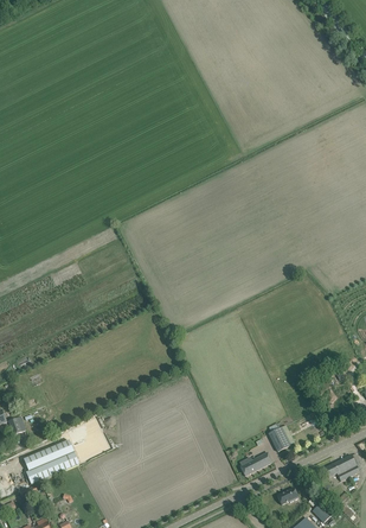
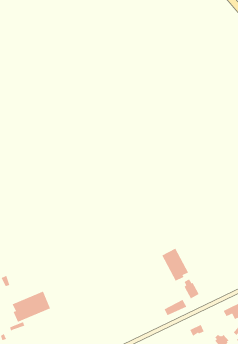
building: none -> [161,248,189,282]

